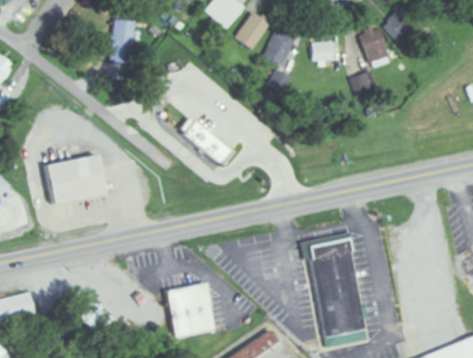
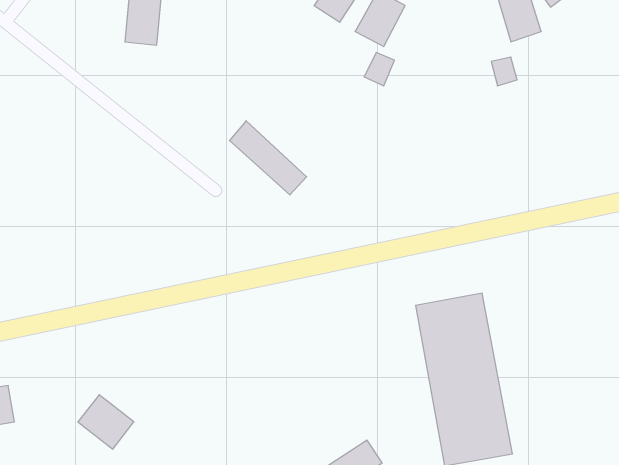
building: [311,42,334,61] -> none
building: [39,150,110,210] -> none
building: [165,282,215,334] -> none

